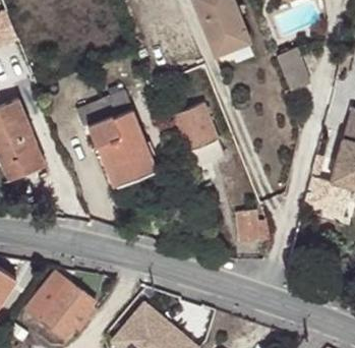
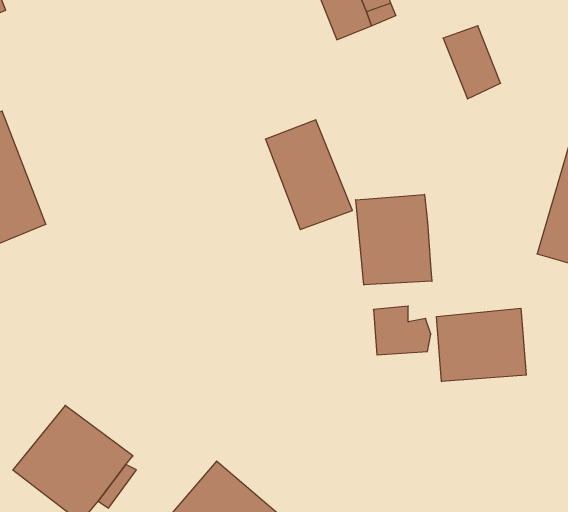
building: [76,92,158,187] -> none
building: none -> [356,194,432,285]
building: none -> [437,308,526,382]

